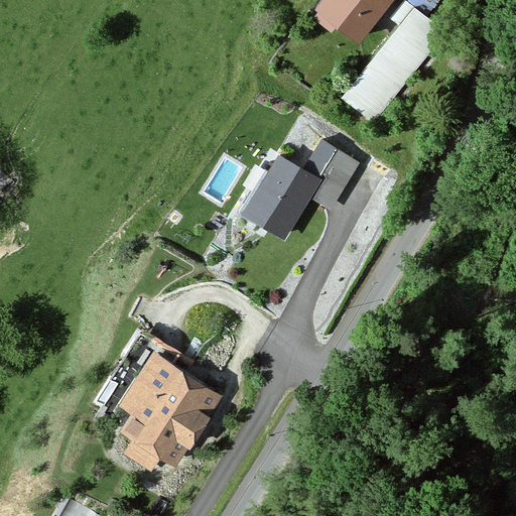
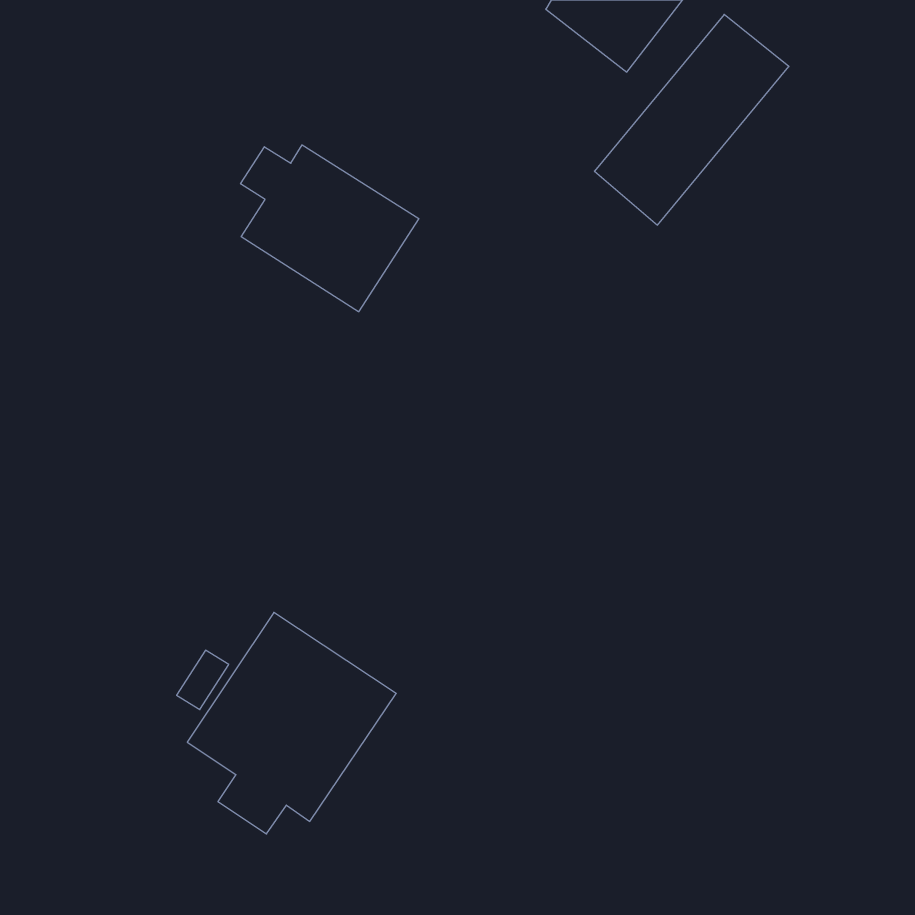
building: none -> [241,145,419,312]
building: [242,143,363,237] -> none

